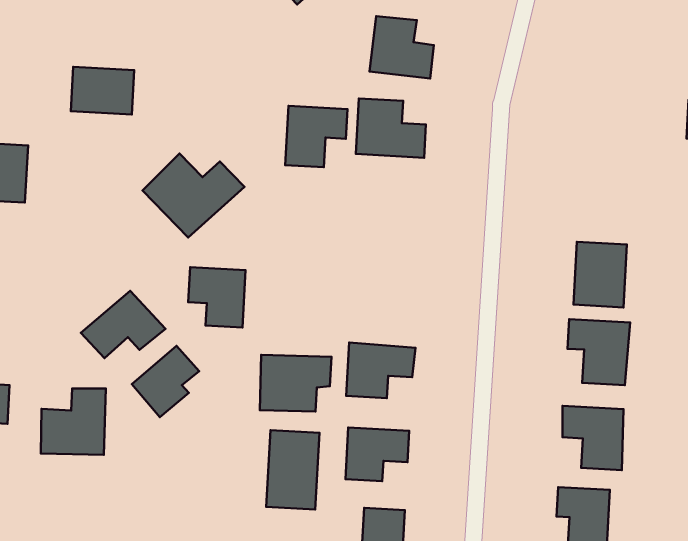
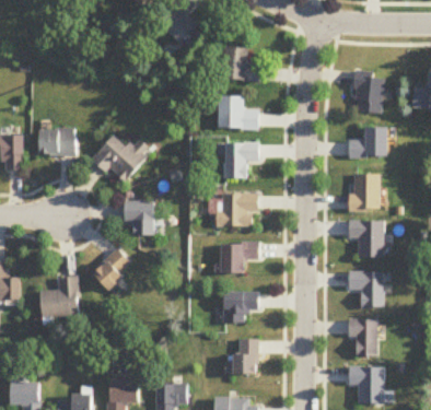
building: [71,67,134,114] -> [39,129,75,155]
building: none -> [352,71,386,115]
building: [285,106,347,167] -> [223,143,258,178]
building: none -> [348,127,389,157]
building: [81,291,165,358] -> none
building: [260,355,331,411] -> [217,192,258,226]
building: [266,430,319,509] -> none

